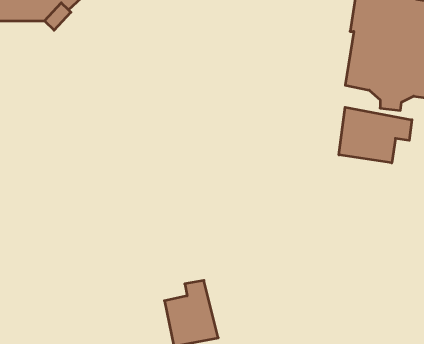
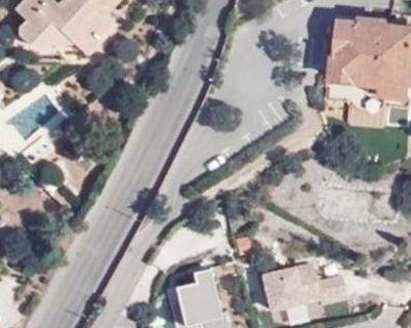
building: [339,107,412,163] -> none
building: none -> [258,263,346,312]

